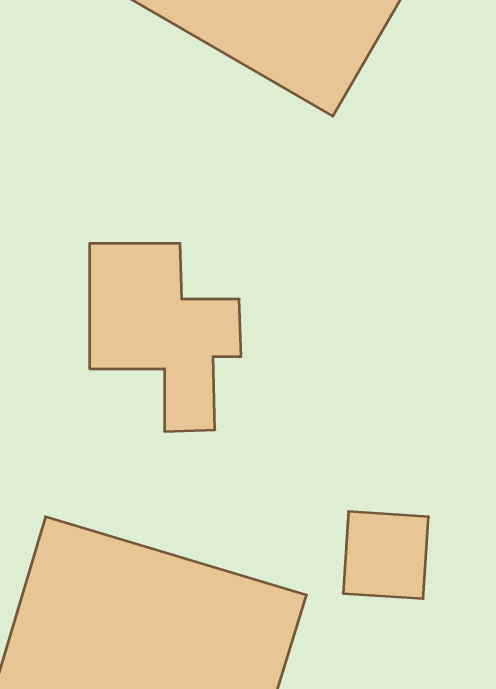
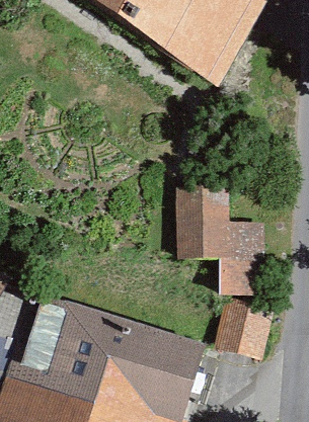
building: [90,243,241,431] -> [177,185,265,294]

